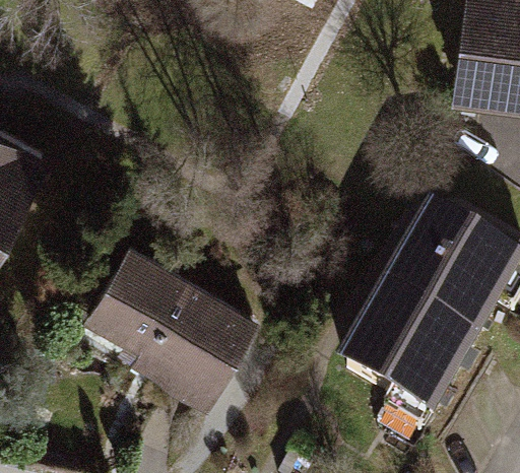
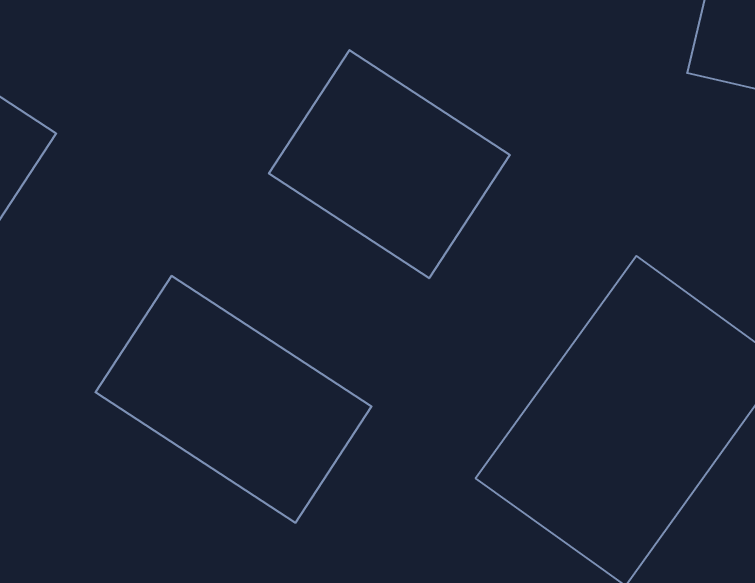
building: none -> [269,50,510,278]

